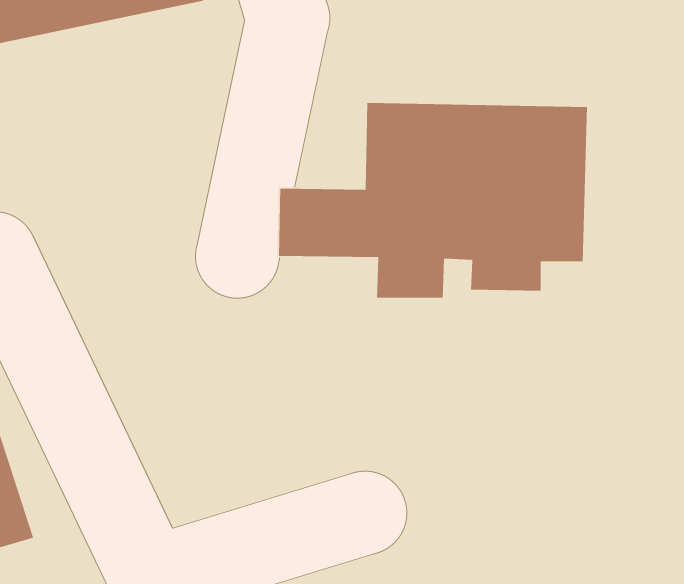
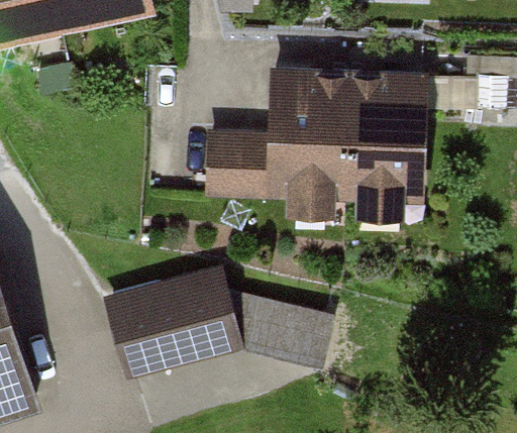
building: none -> [105,274,333,384]

